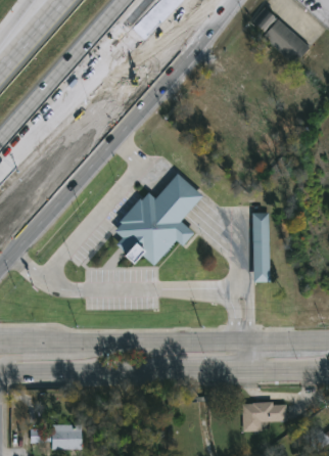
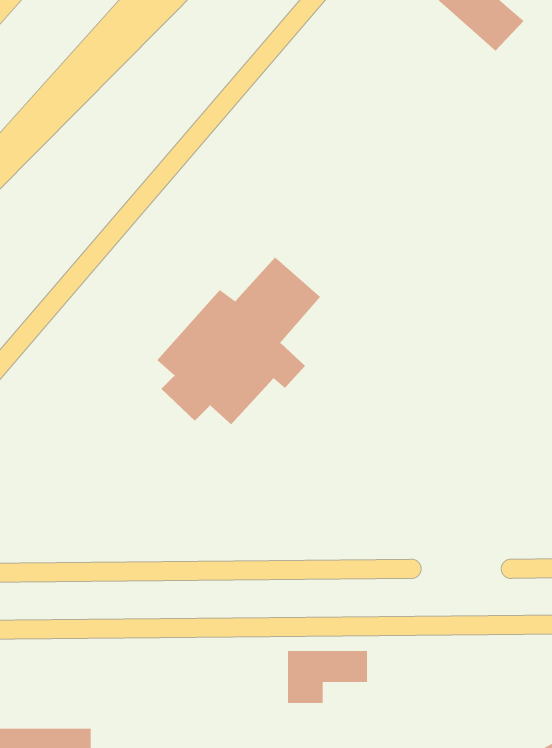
building: [253,213,270,281] -> none
building: [241,403,284,431] -> [287,650,368,704]

